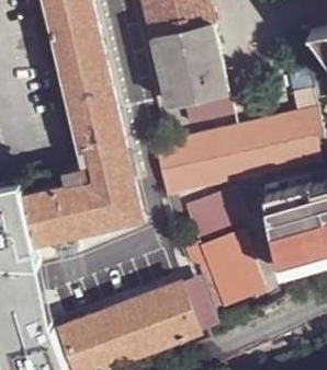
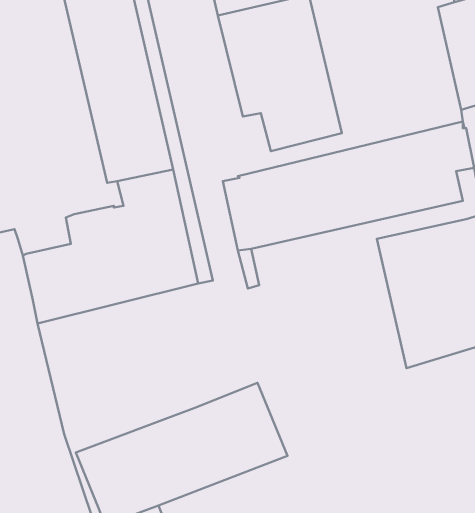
building: [180,190,246,243] -> none
building: [196,233,263,314] -> none
building: [177,275,215,331] -> none

